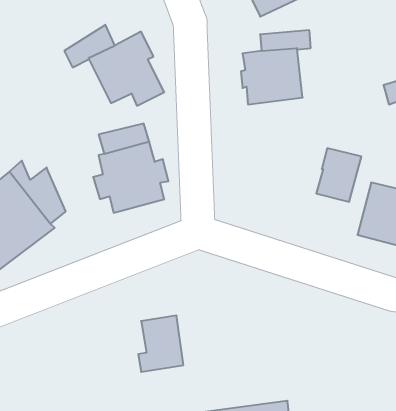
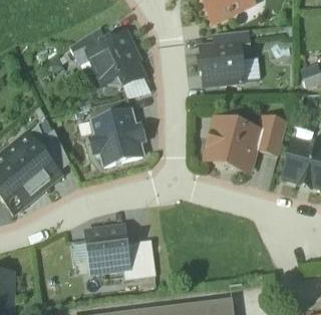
building: none -> [206,120,259,171]
building: none -> [87,227,129,274]

